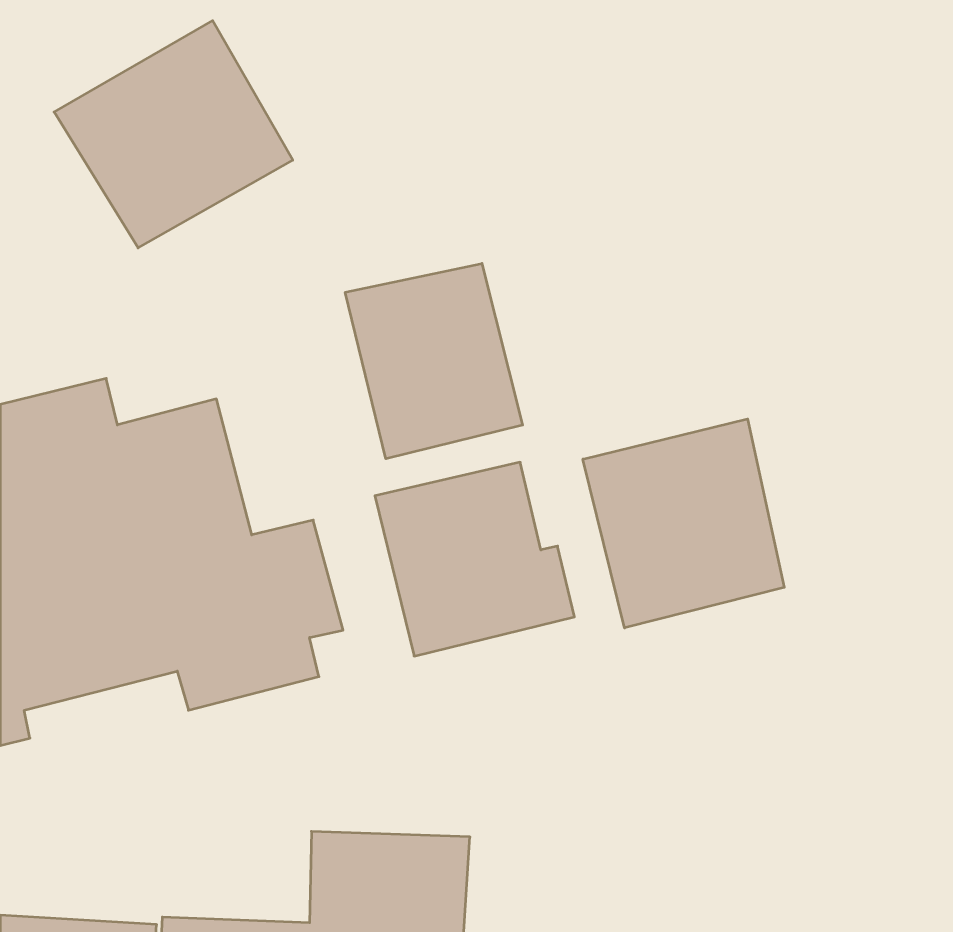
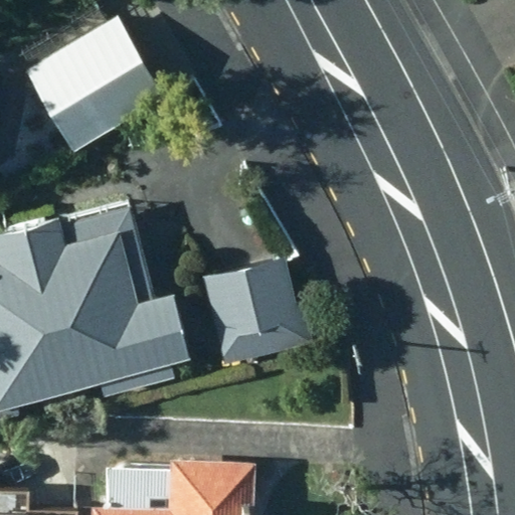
building: [345,263,523,459] -> none
building: [583,419,784,628] -> none

